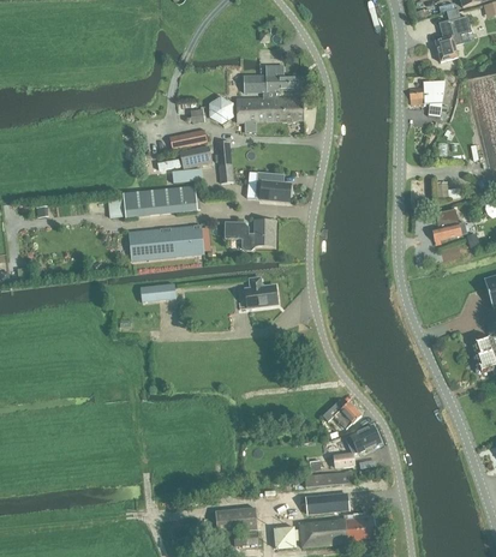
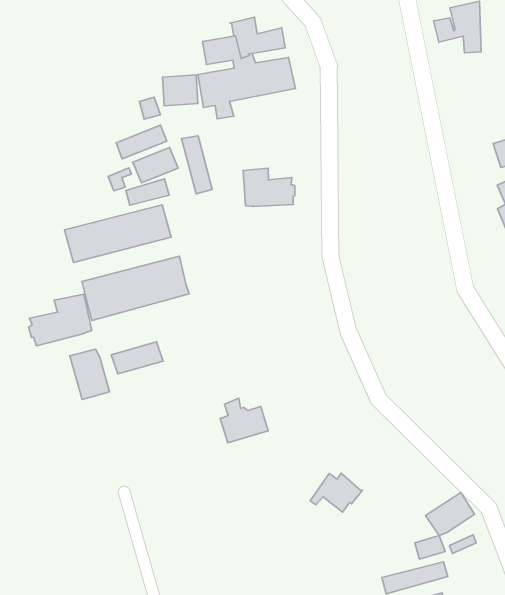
building: [225,220,274,250] -> none
building: none -> [28,294,92,346]
building: [245,276,277,306] -> [220,398,268,443]
building: none -> [70,349,109,400]
building: [323,400,361,429] -> [310,473,363,512]

